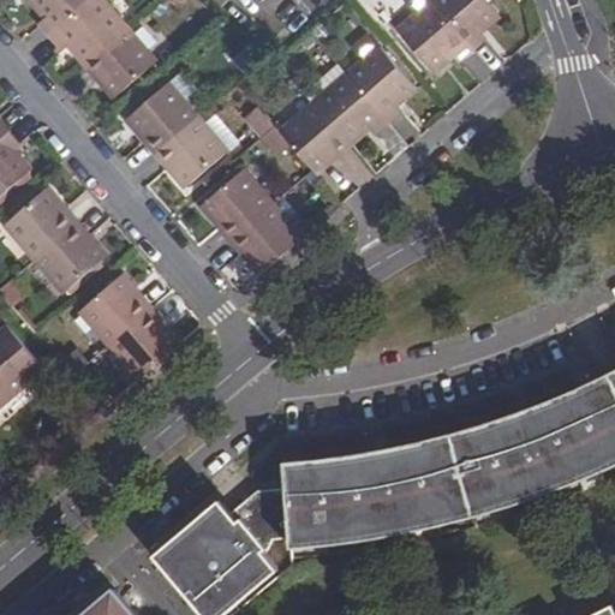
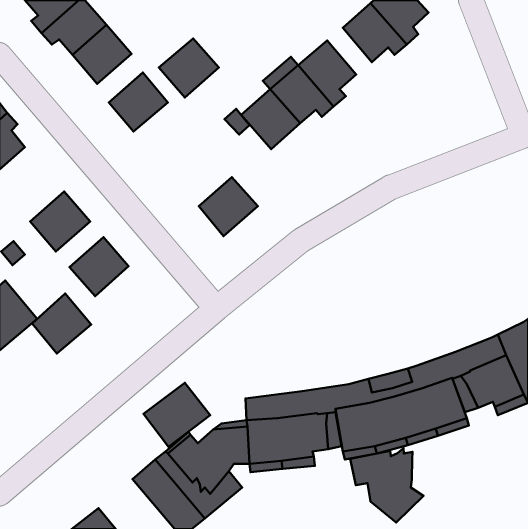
building: [155,119,225,187] -> [159,38,219,97]
building: [201,171,269,239] -> none
building: [5,189,74,257] -> none
building: [111,309,179,378] -> [32,293,91,354]
building: none -> [143,383,210,447]
building: none -> [350,448,424,523]

